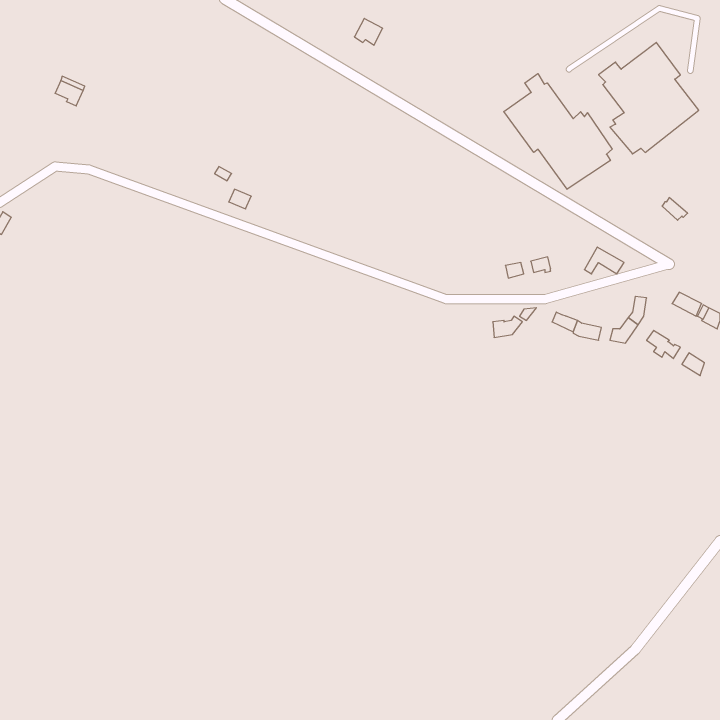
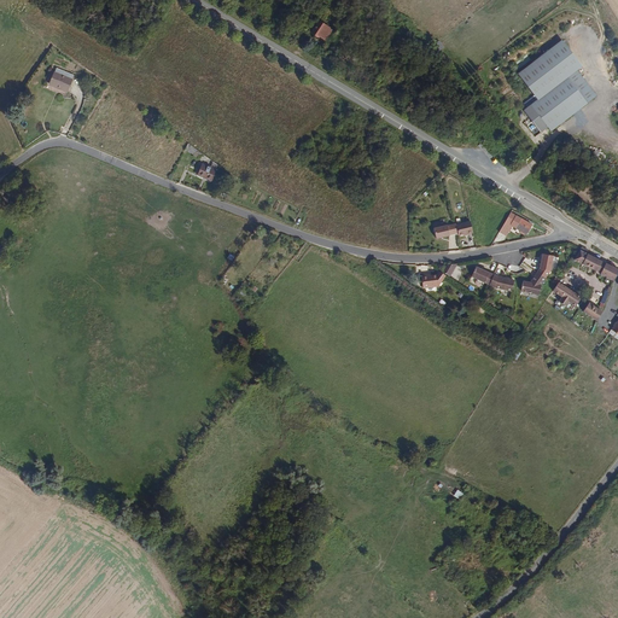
building: [504,74,612,189] -> none

